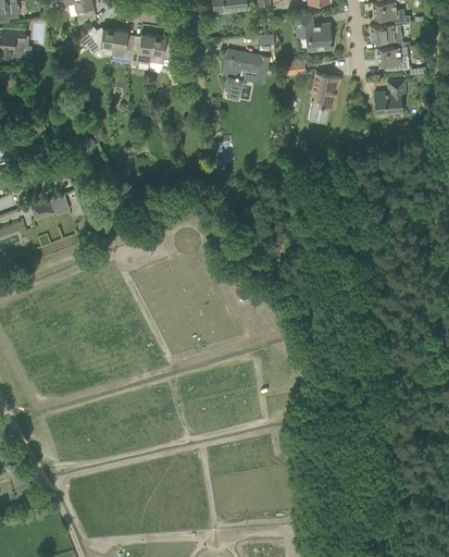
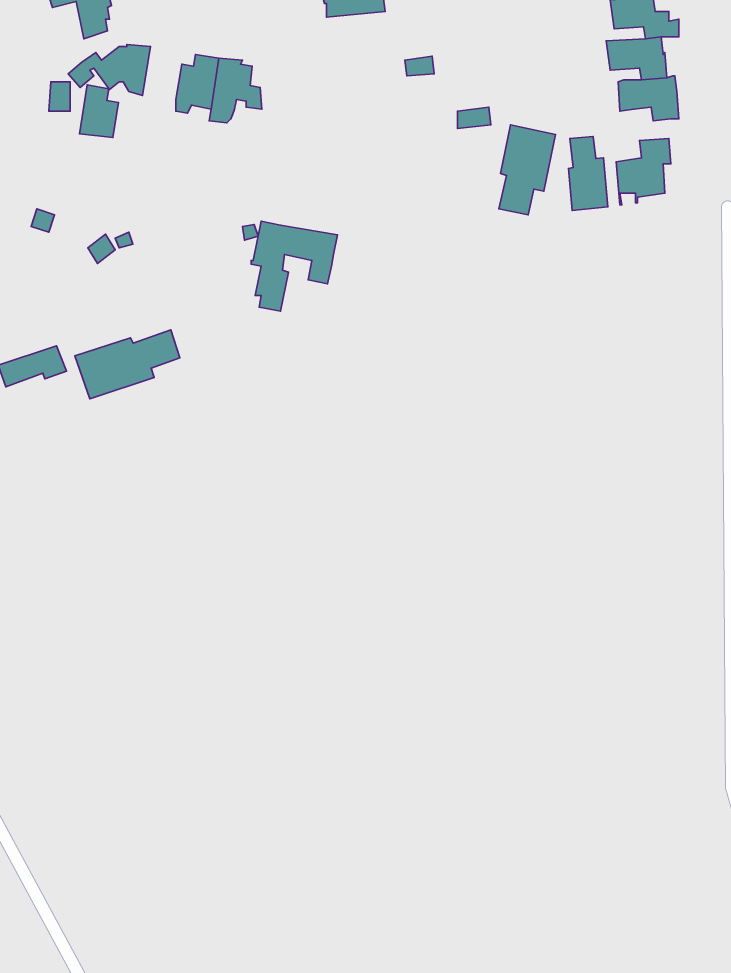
building: [295,13,330,50] -> none
building: [111,28,133,58] -> [79,85,119,138]
building: [222,49,270,99] -> [251,221,337,311]
building: none -> [568,137,608,211]
building: none -> [75,330,180,399]

